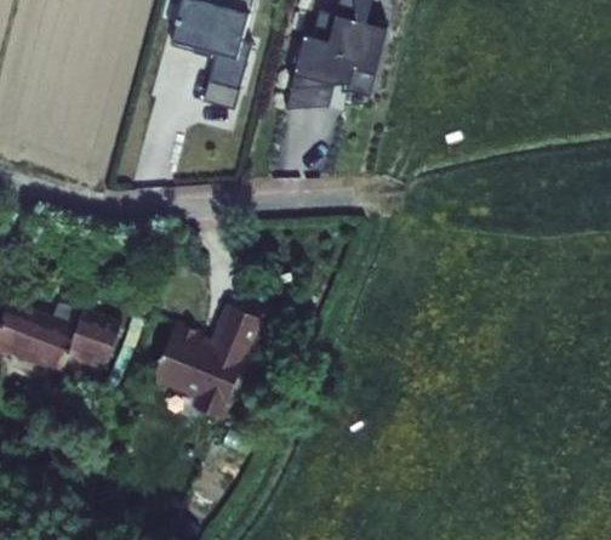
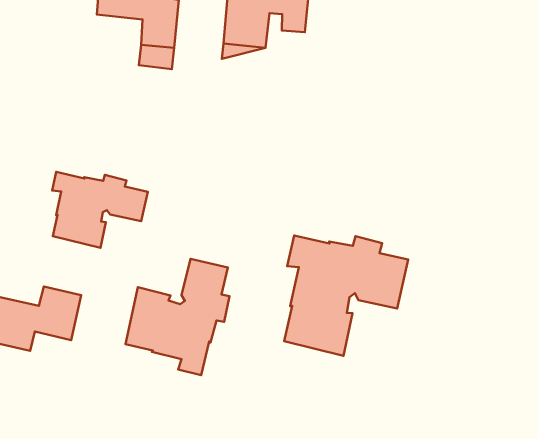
building: none -> [52,172,148,248]
building: none -> [284,236,408,356]

